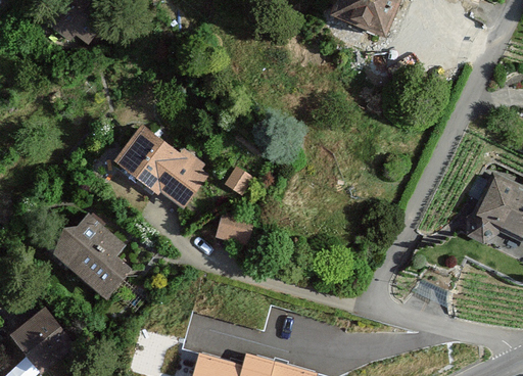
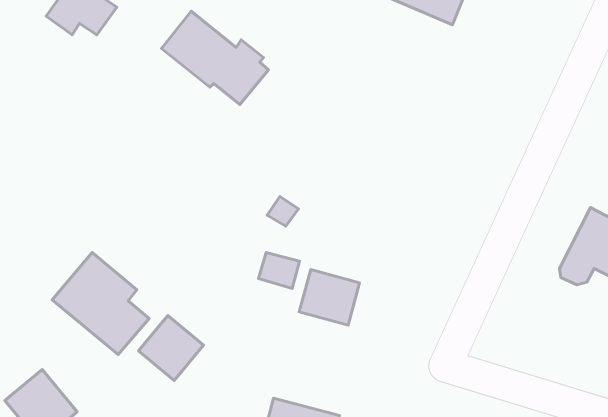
building: [121,128,208,204] -> [161,11,268,105]
building: none -> [299,269,360,325]
building: none -> [139,315,203,381]

